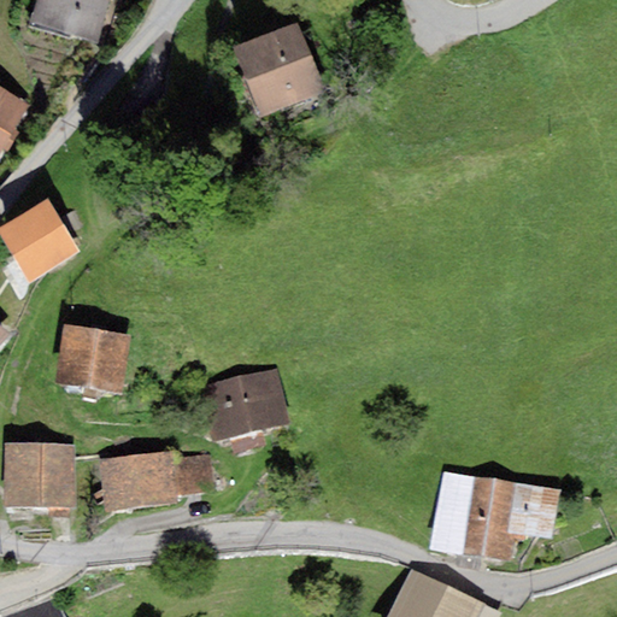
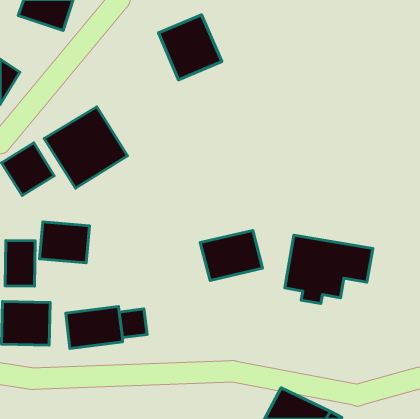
building: none -> [44,107,127,188]
building: none -> [5,240,35,286]
building: [199,369,290,442] -> [200,230,263,280]
building: [430,471,559,571] -> [285,235,373,304]

